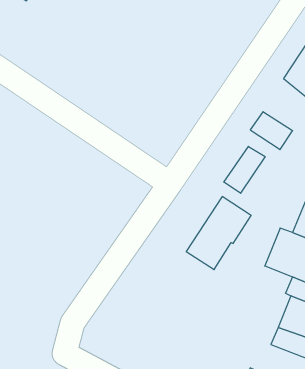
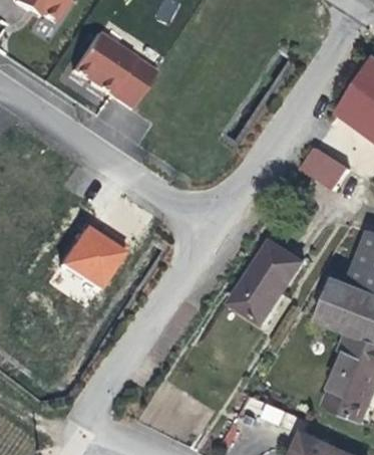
building: none -> [69,35,150,109]
building: [224,146,265,193] -> none
building: none -> [62,224,126,287]

